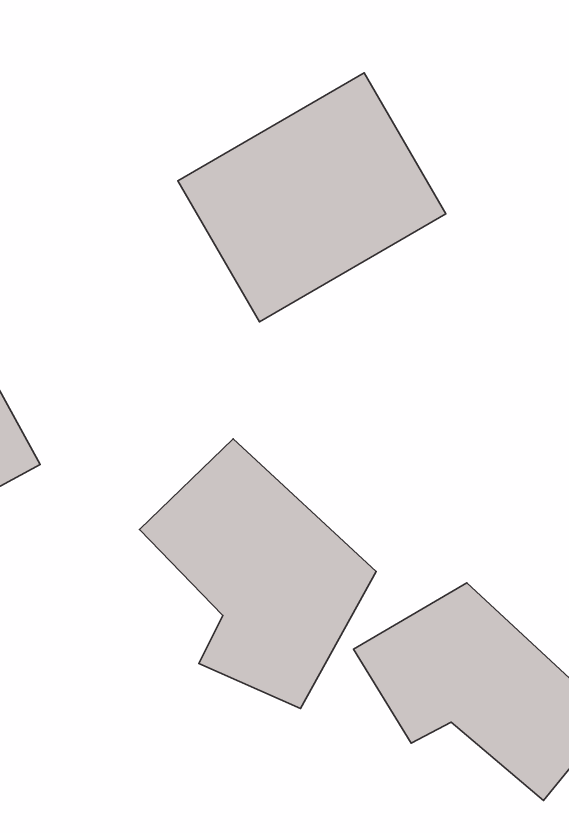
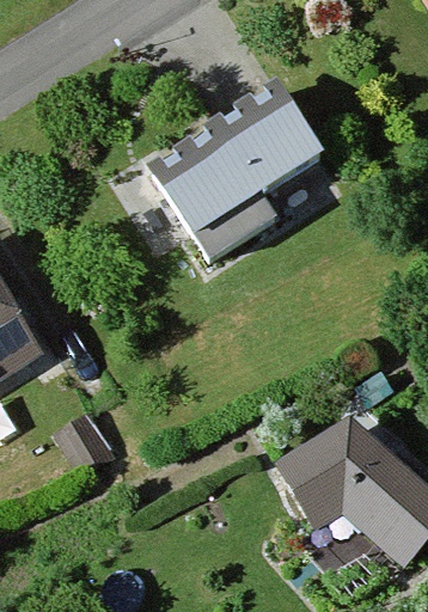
building: [140,439,376,708] -> none

